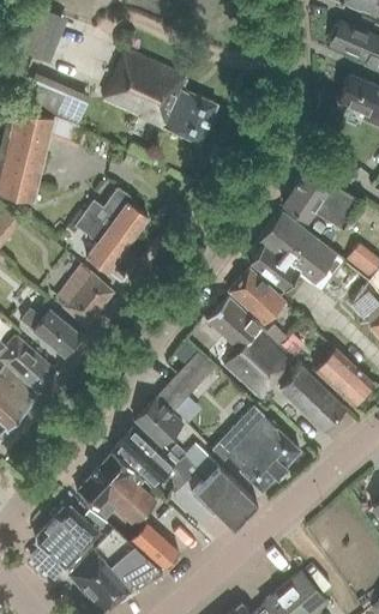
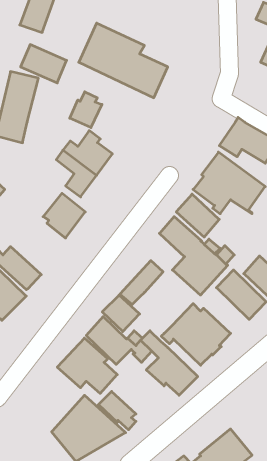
building: none -> [70,92,102,128]
building: [22,309,79,355] -> none
building: [30,505,112,580] -> none

